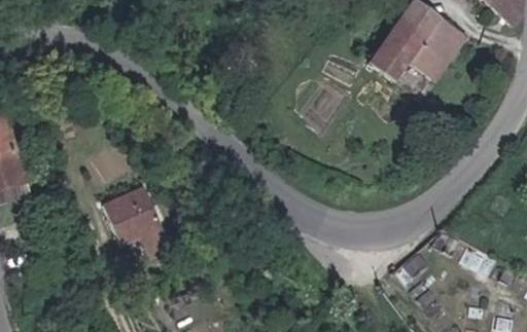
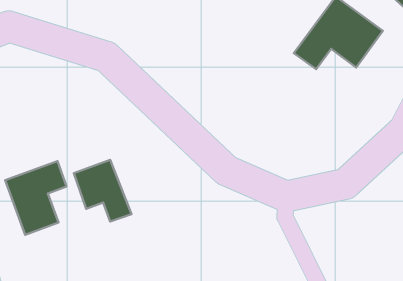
building: none -> [5,161,67,235]

